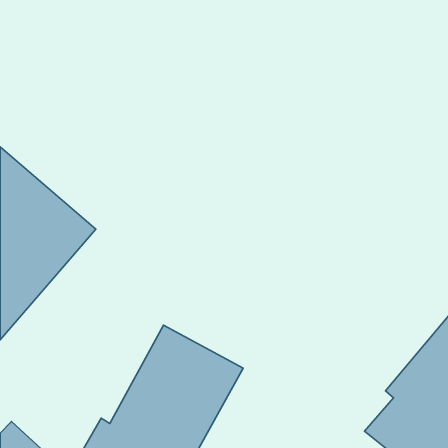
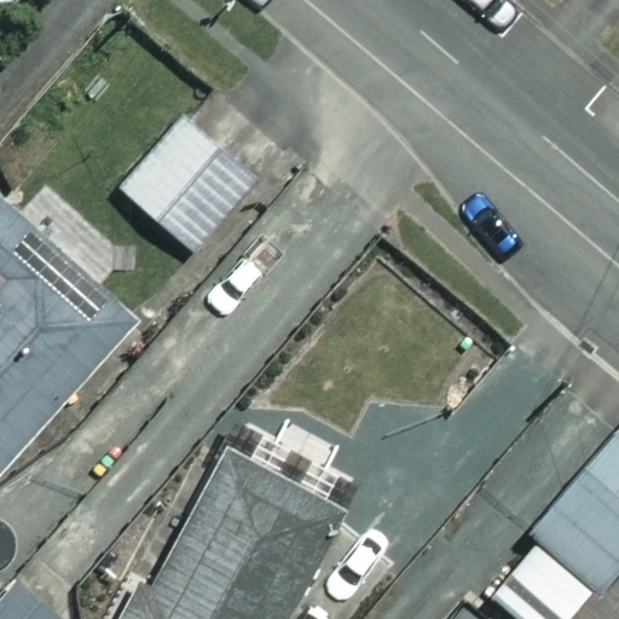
building: none -> [121,116,253,248]

